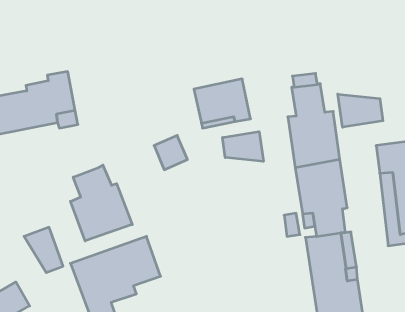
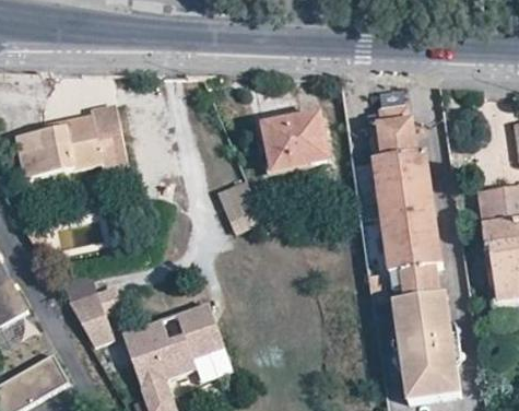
building: [338,94,383,127] -> none
building: [223,132,263,161] -> none
building: [70,165,132,241] -> none

